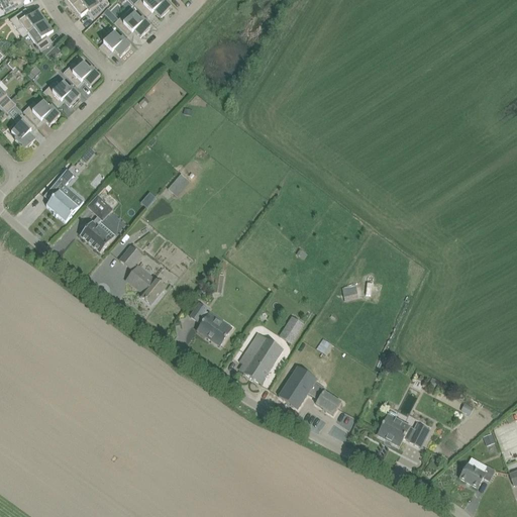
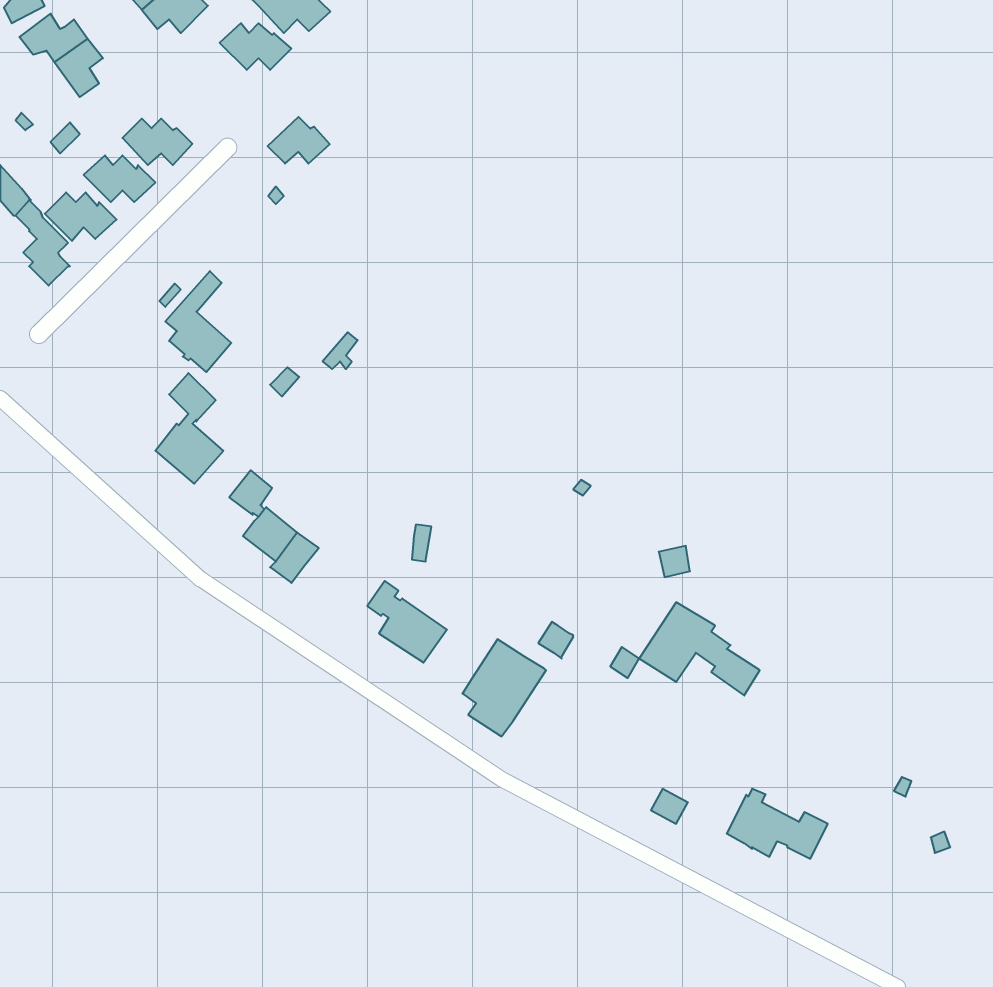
building: [99,31,131,56] -> [268,117,330,164]
building: [44,169,79,221] -> [165,271,231,372]
building: [279,366,341,414] -> [639,602,760,696]
building: [459,462,496,487] -> none

